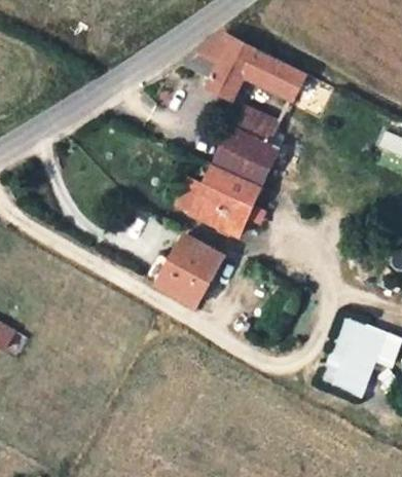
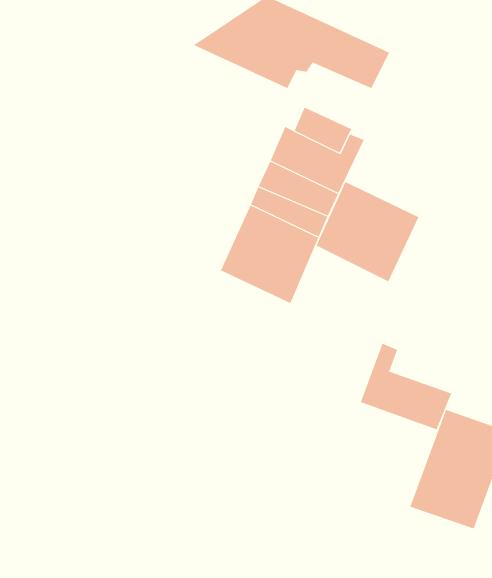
building: none -> [316,181,419,282]
building: [157,233,224,304] -> none
building: none -> [360,343,452,430]

